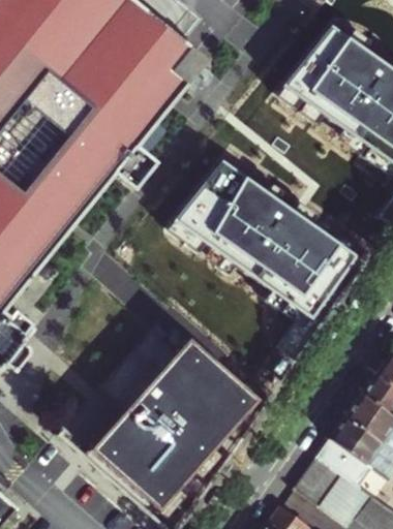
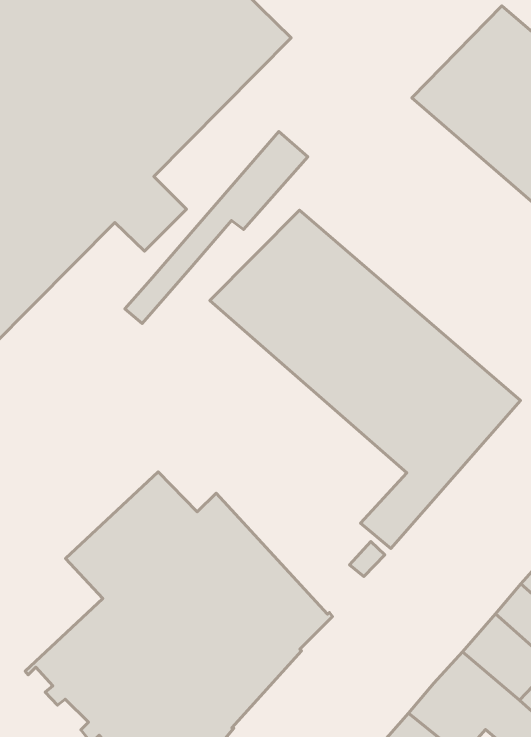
building: none -> [125,131,308,324]

